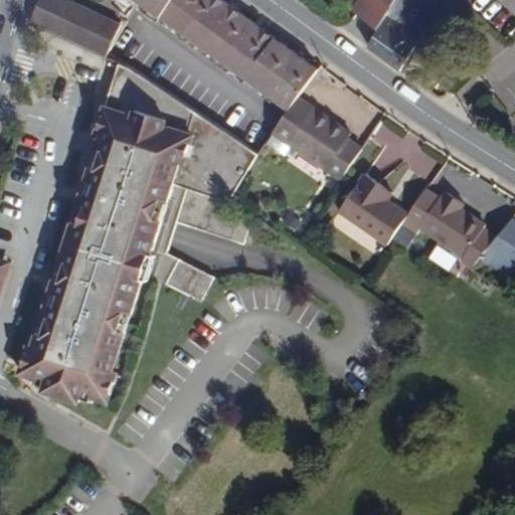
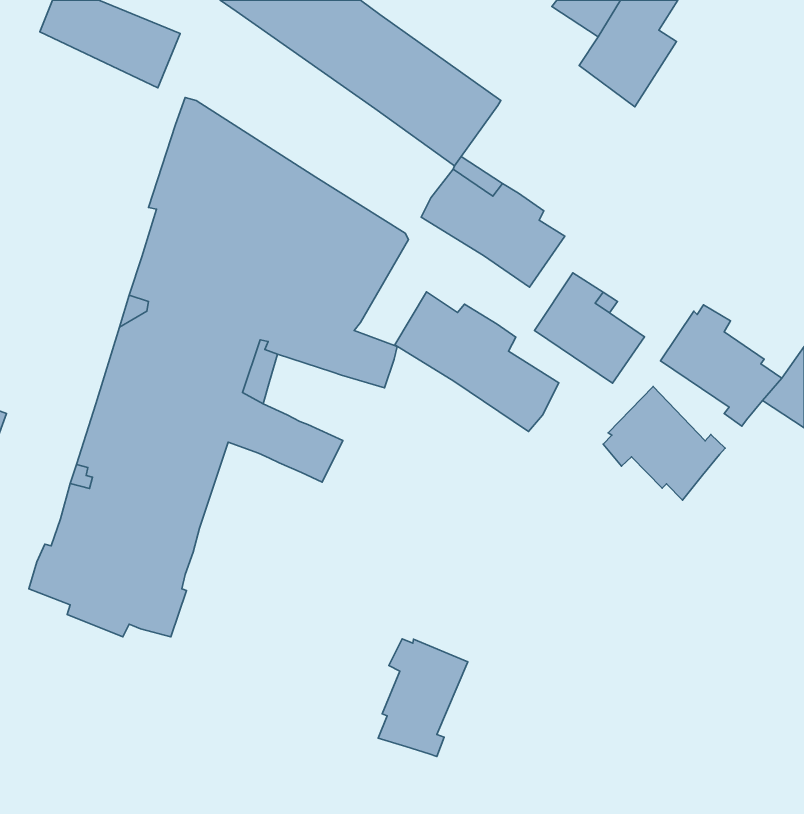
building: none -> [395,292,559,431]
building: none -> [603,387,725,500]
building: none -> [378,639,468,756]

